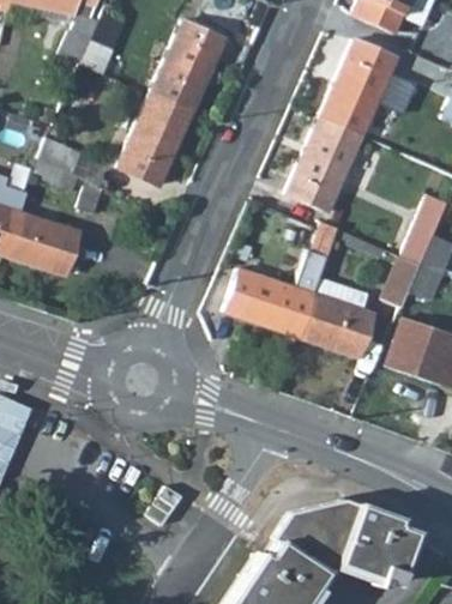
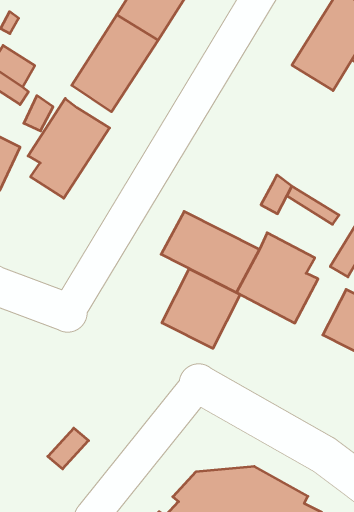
building: [288,117,363,212] -> none
building: none -> [28,98,110,198]
building: none -> [162,269,240,348]

